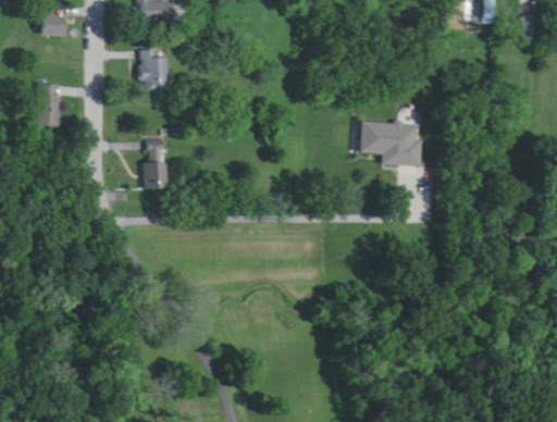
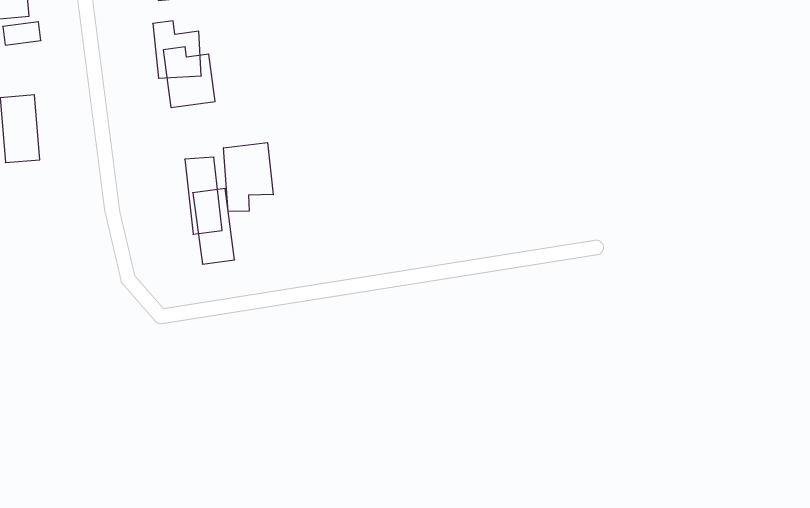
building: [358,120,422,165] -> none
building: none -> [224,143,273,212]

